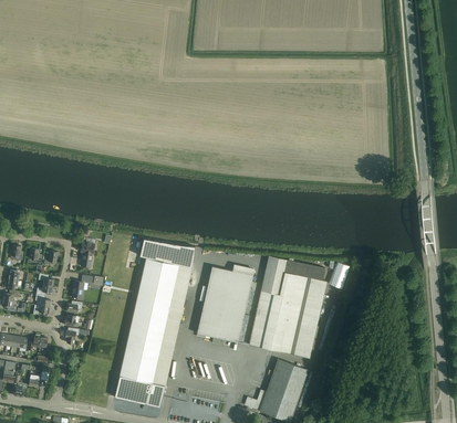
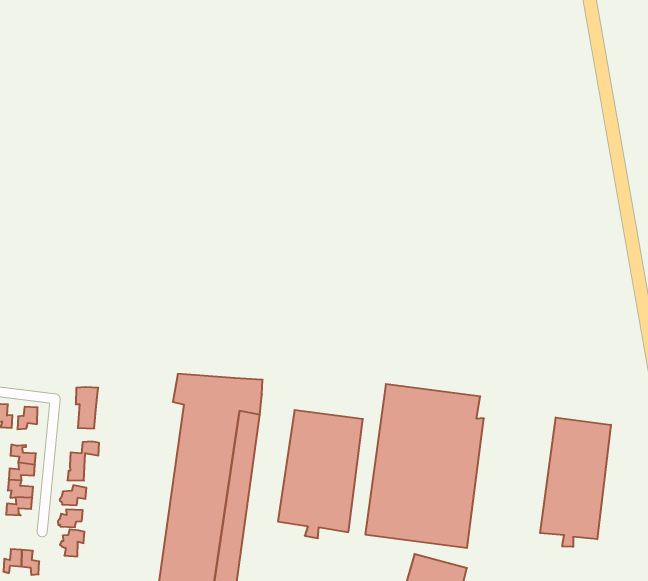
building: none -> [540,417,611,547]

